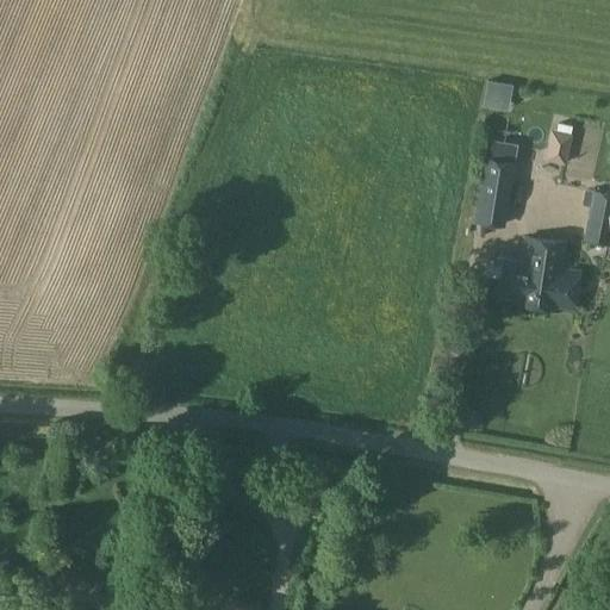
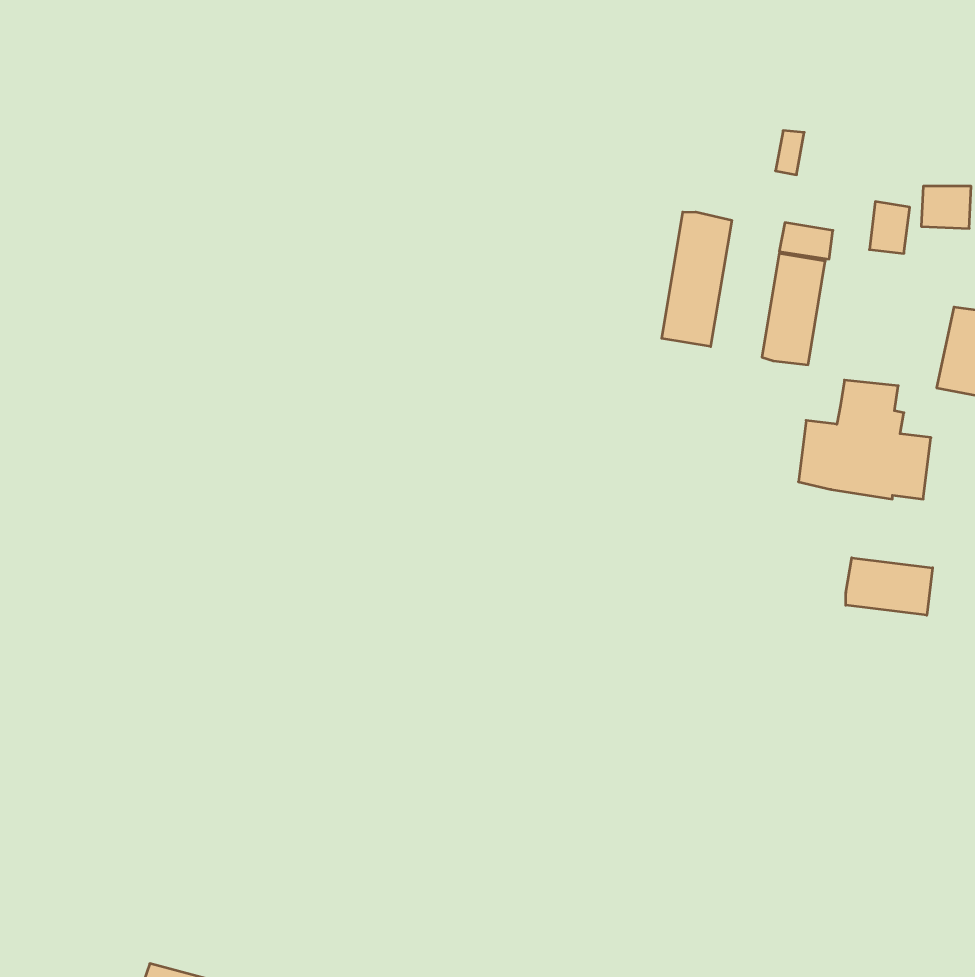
building: none -> [662,212,732,347]
building: none -> [846,558,933,615]

